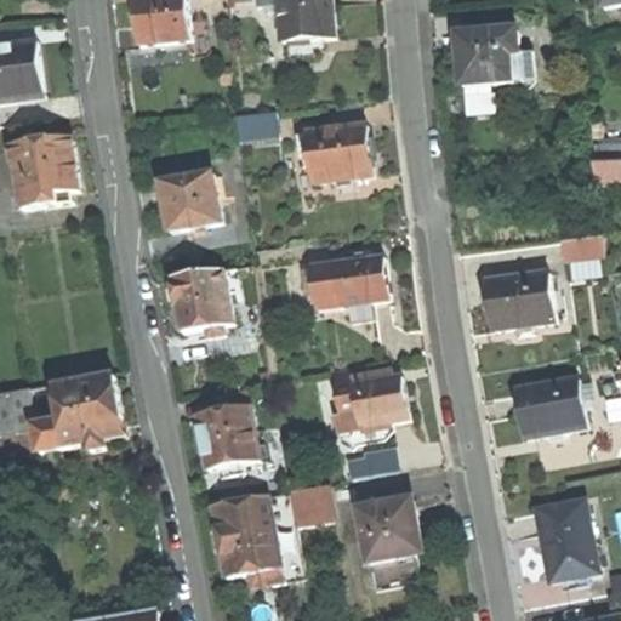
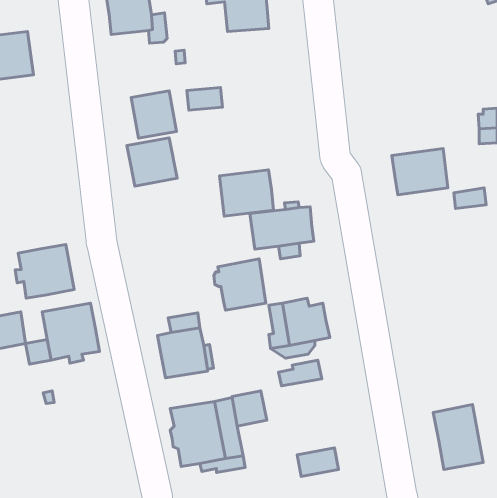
building: [455,24,517,85] -> none
building: none -> [131,91,177,138]
building: [303,124,370,181] -> [219,170,274,216]
building: [8,135,76,206] -> none
building: [165,266,229,329] -> [214,259,266,310]
building: [483,270,552,327] -> [392,149,448,195]
building: none -> [15,244,74,298]
building: [513,377,585,437] -> none
building: [355,497,420,560] -> none

